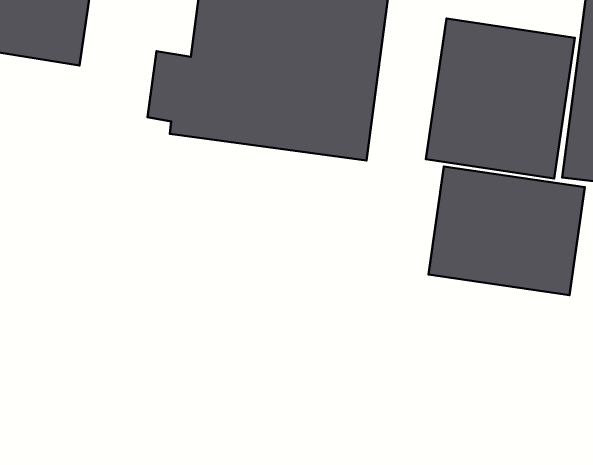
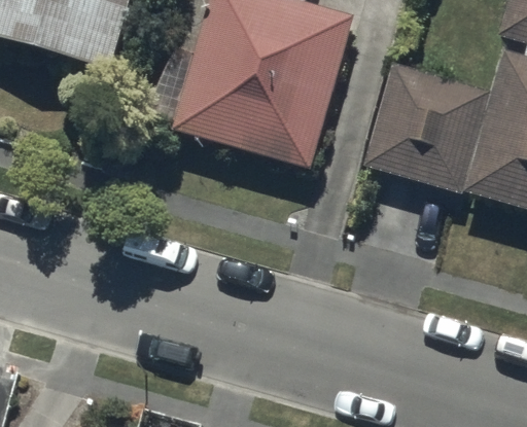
building: [428,166,585,295] -> none

